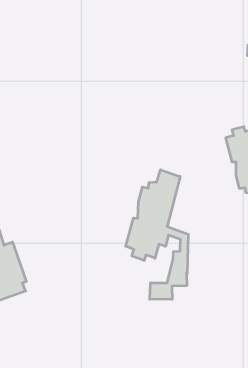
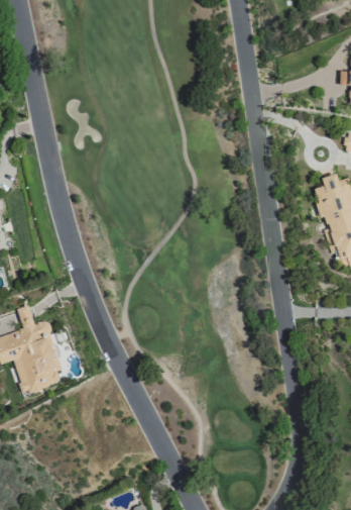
building: [126,170,188,299] -> none

